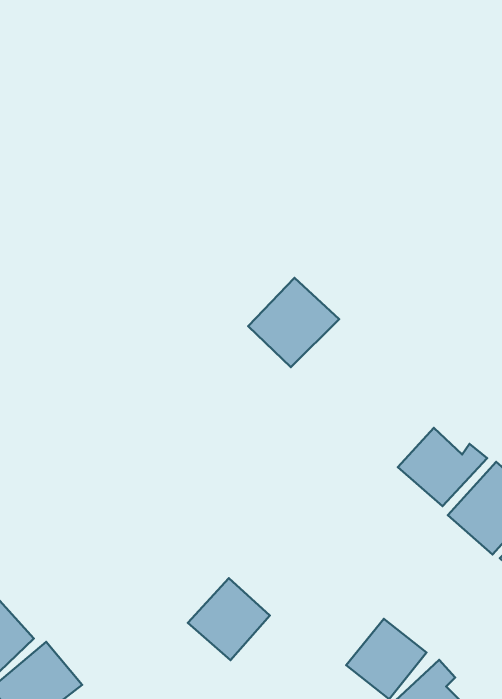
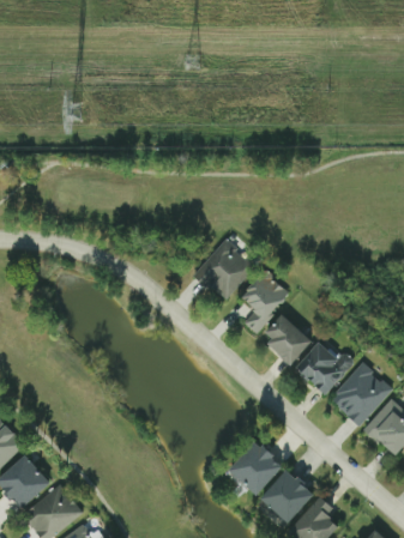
building: none -> [241,270,290,333]
building: none -> [261,313,312,363]
building: [188,578,270,660] -> [228,440,283,495]

